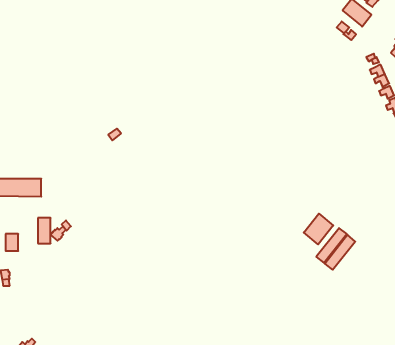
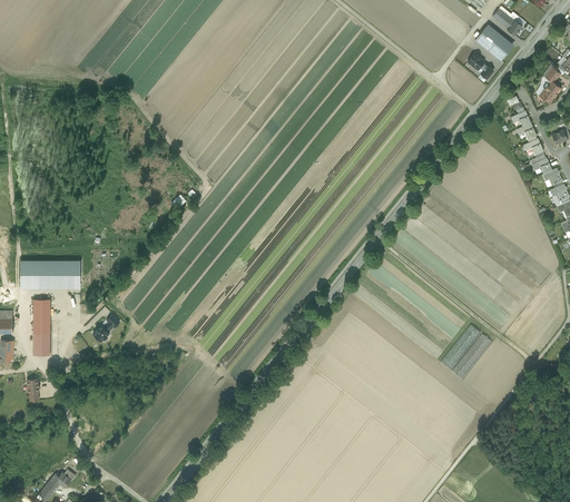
building: [304,214,333,244] -> none
building: [38,218,51,243] -> [33,299,50,333]

